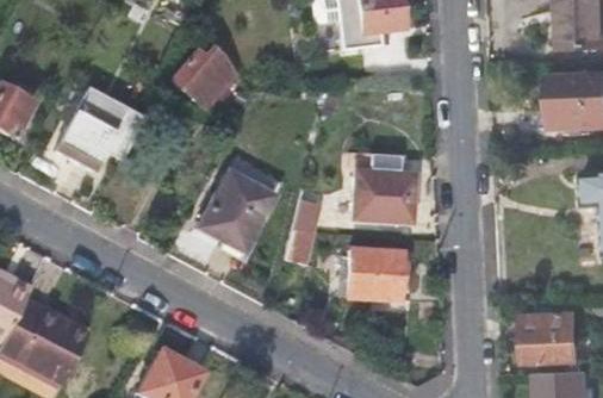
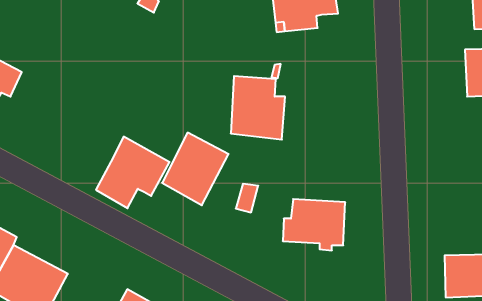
building: [170,42,237,108] -> none
building: [56,88,142,172] -> [96,137,170,208]
building: [353,150,416,224] -> [231,76,285,140]

